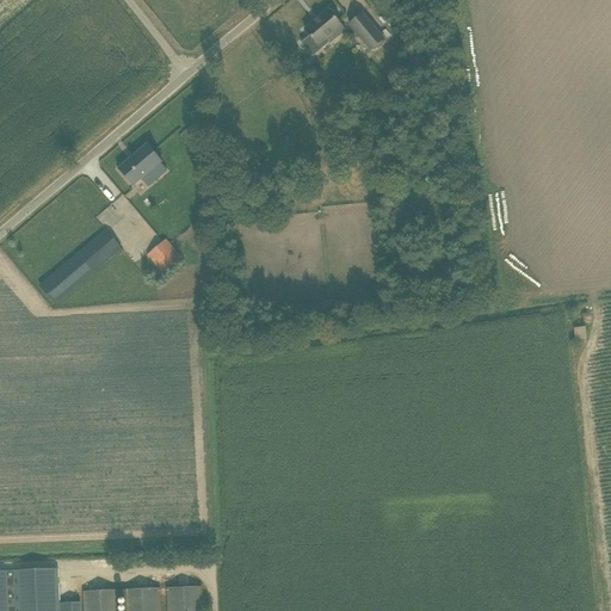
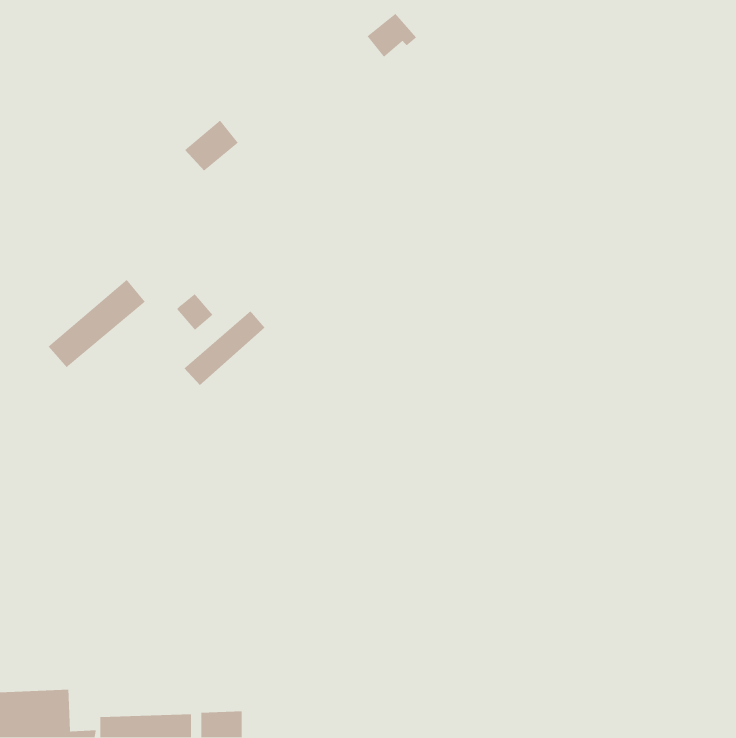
building: [348,14,383,51] -> none
building: [116,144,161,187] -> [184,120,239,172]
building: none -> [184,310,265,386]

